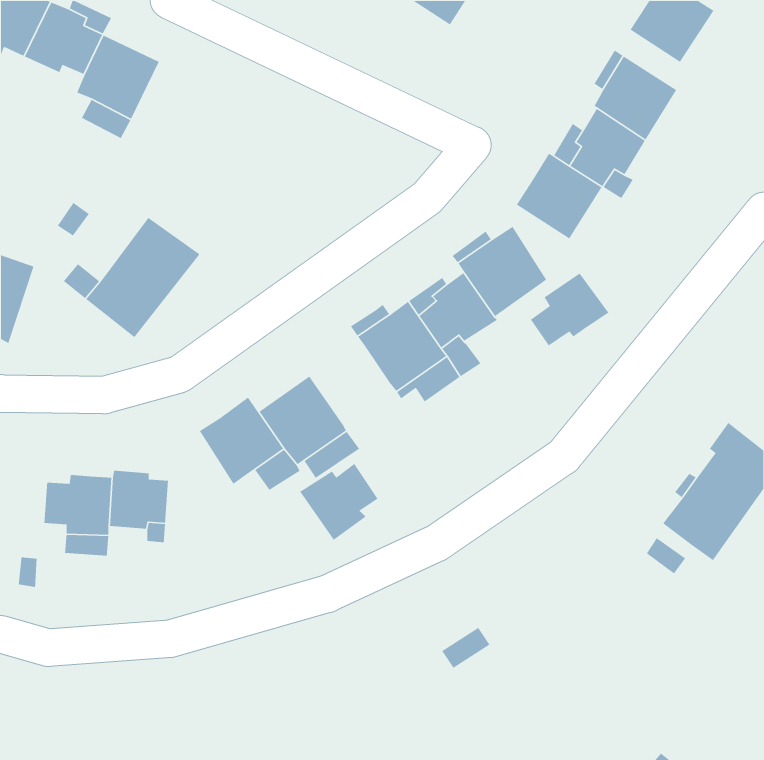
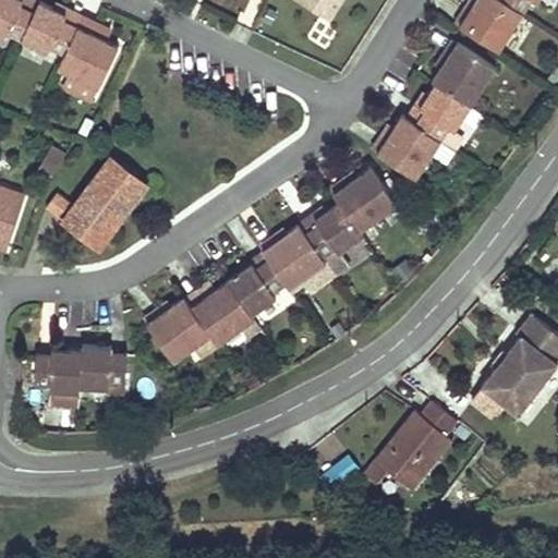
building: [530,273,610,347] -> none
building: [299,463,378,541] -> [226,256,283,313]
building: none -> [364,402,458,492]

